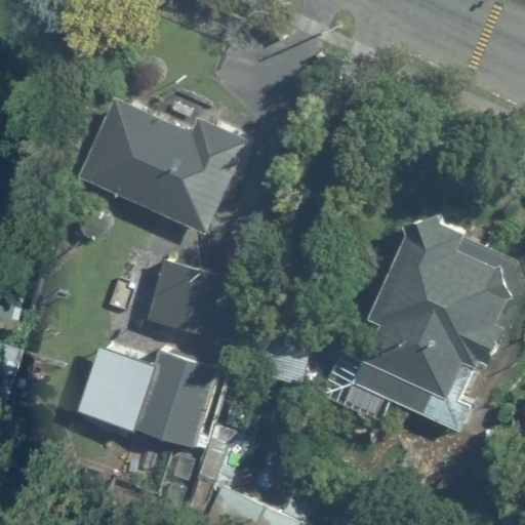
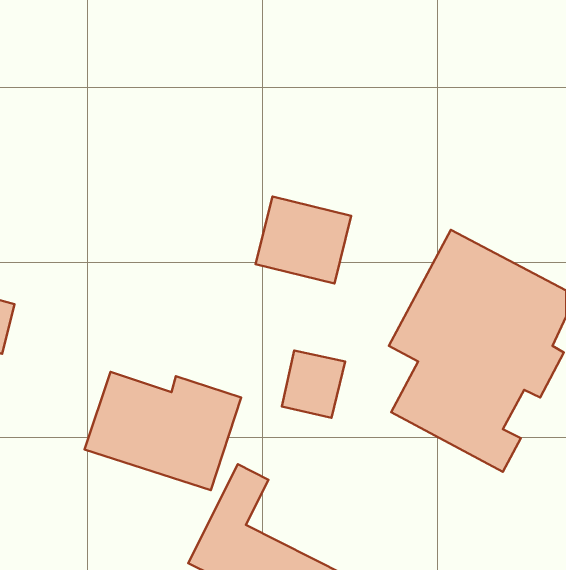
building: [75,96,248,235] -> none
building: [148,261,235,340] -> [255,197,351,283]

